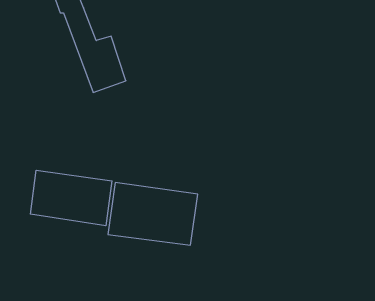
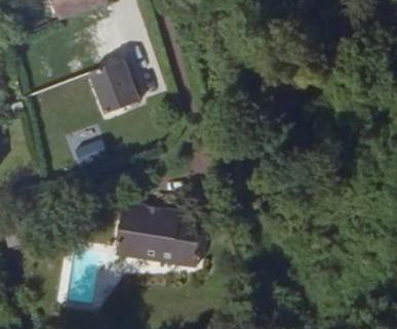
building: [30,170,112,226] -> none

